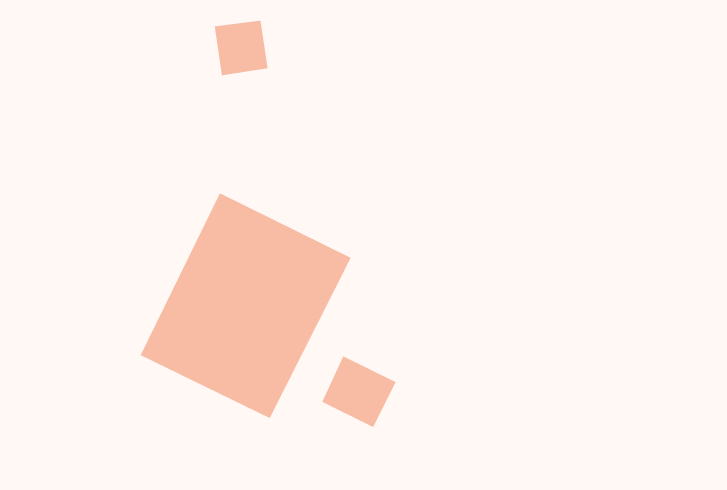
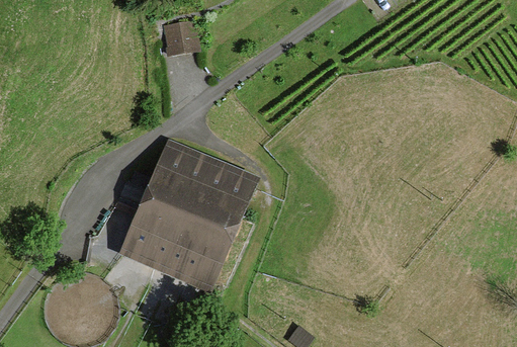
building: [321,355,397,428] -> none

